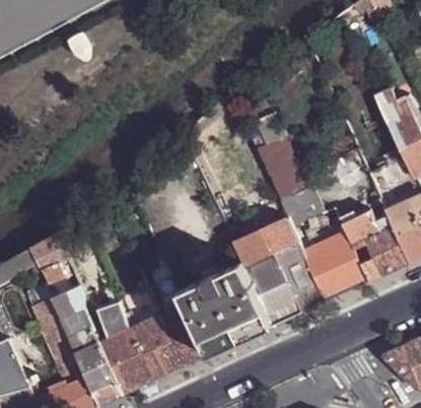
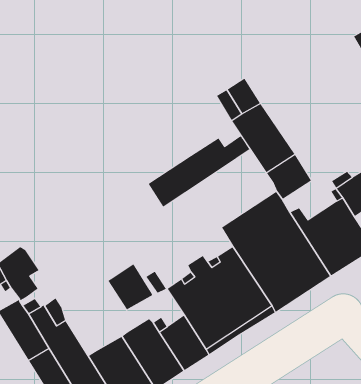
building: none -> [148,136,250,208]
building: [94,298,133,339] -> [108,264,153,310]

